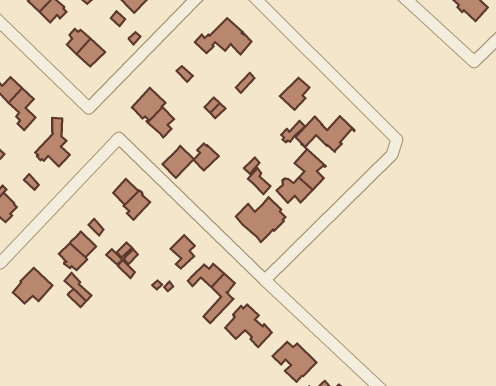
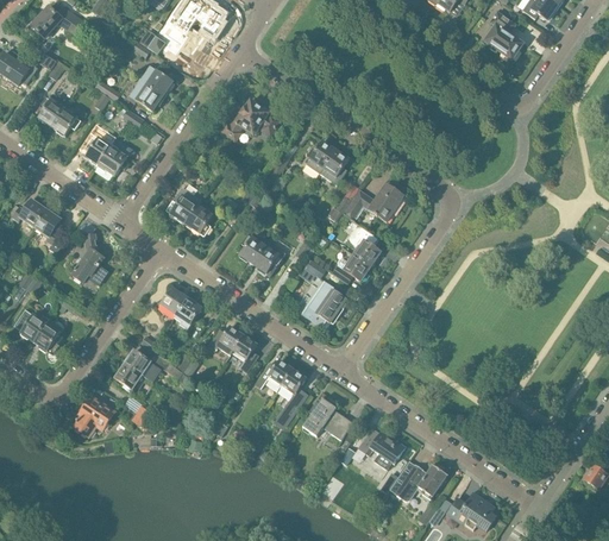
building: none -> [306,140,335,172]
building: [162,146,194,178] -> [252,241,284,276]
building: none -> [208,326,243,354]

